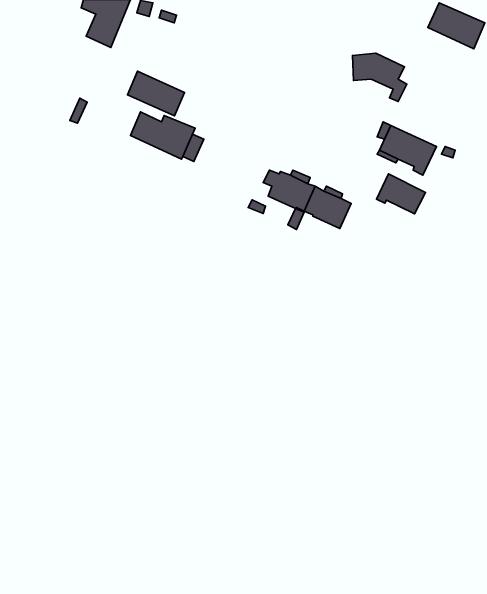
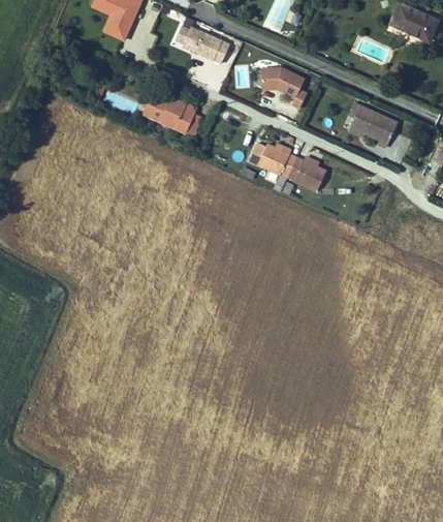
building: [352,53,407,101] -> [260,67,306,108]
building: [128,71,185,116] -> [182,26,229,63]
building: [376,174,426,214] -> none

